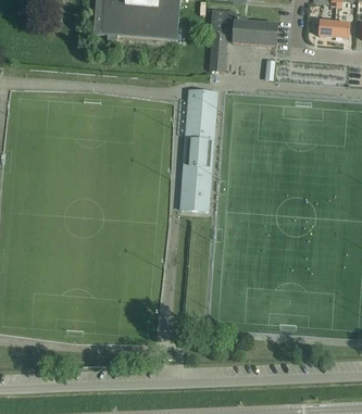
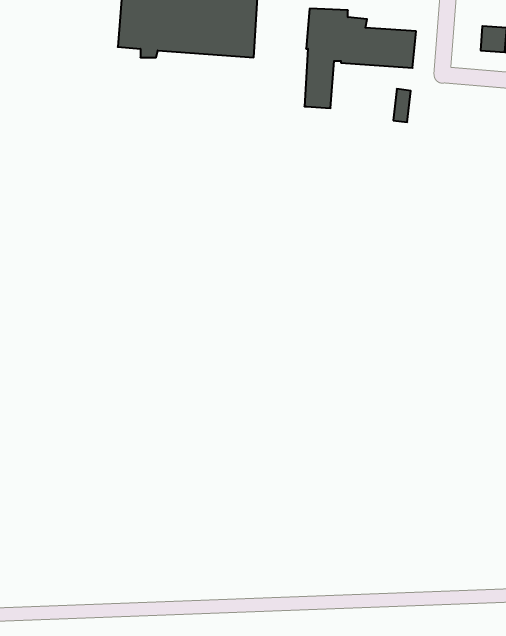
building: [180,89,217,211] -> none

